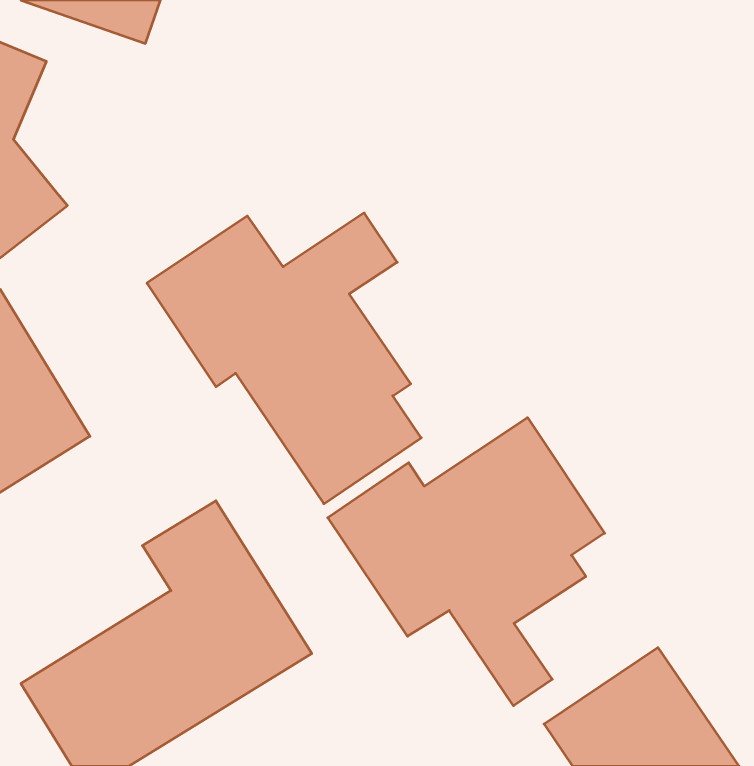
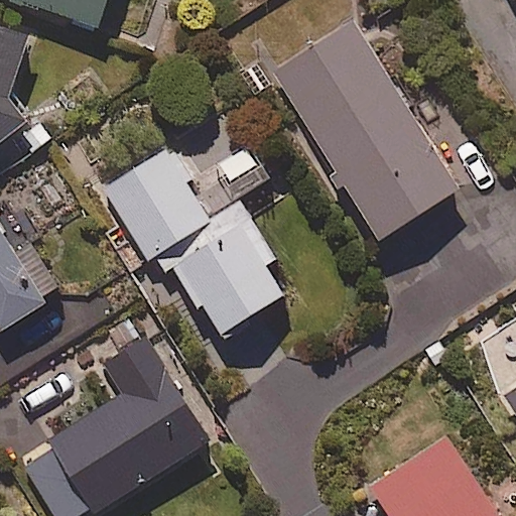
building: none -> [270,20,462,240]
building: [328,418,605,706] -> none

